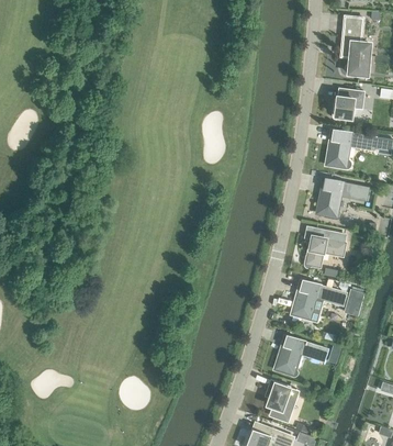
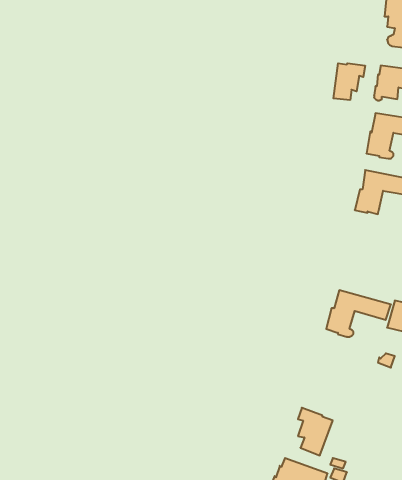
building: none -> [333,63,365,100]
building: [304,228,345,268] -> none
building: [274,335,327,376] -> none

